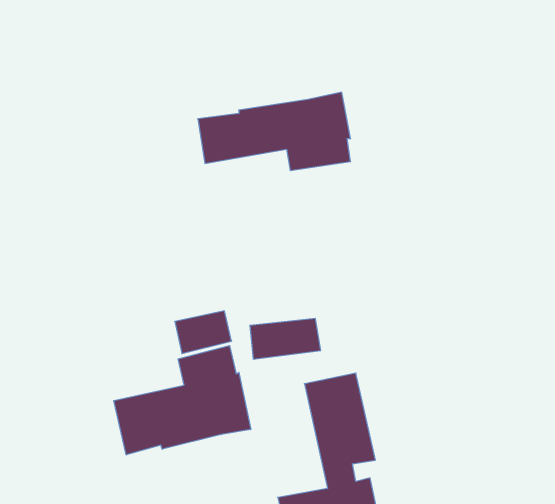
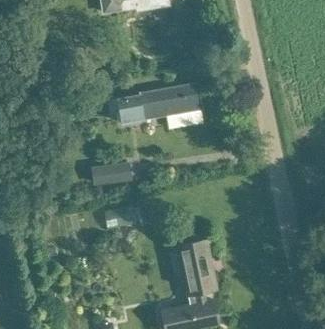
building: [250,318,321,359] -> [91,161,131,184]
building: [114,346,251,455] -> none

